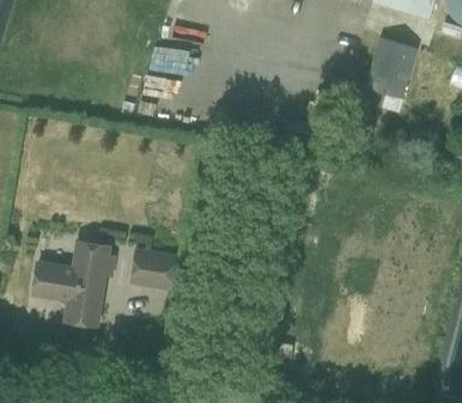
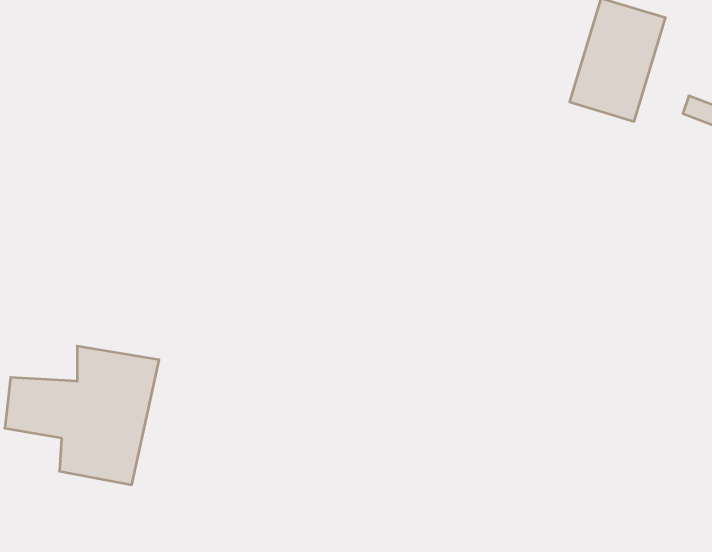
building: [142,242,182,281] -> none

